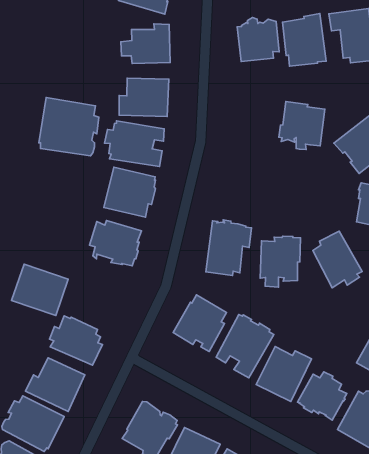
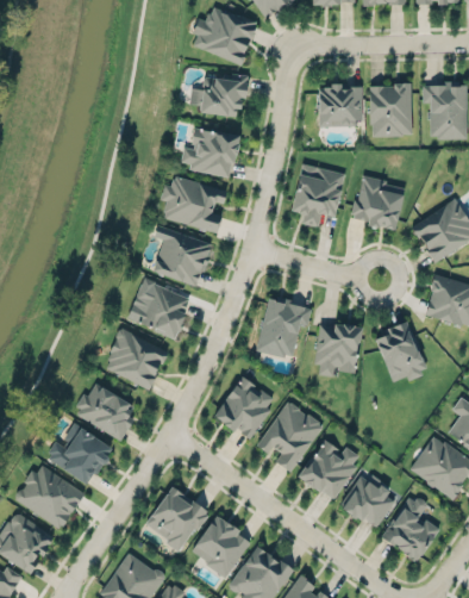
building: none -> [292,163,345,226]
building: [39,97,99,156] -> none
building: [12,264,68,316] -> [104,331,168,391]

